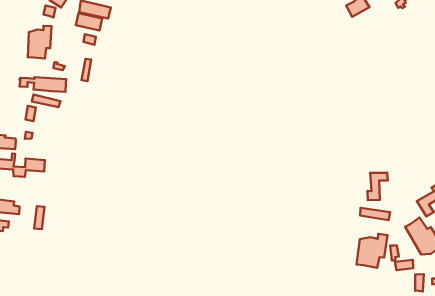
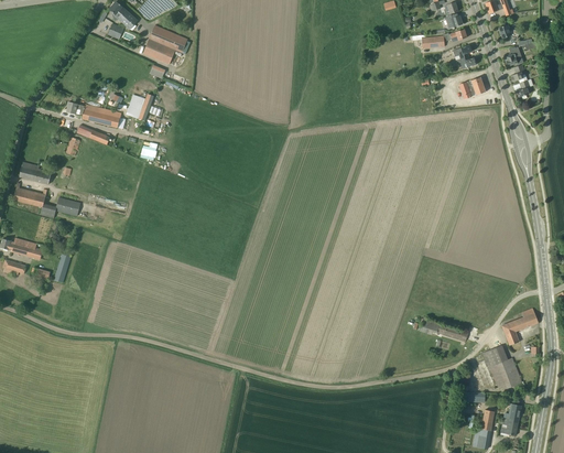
building: [28,26,52,59] -> none
building: [367,173,388,200] -> none
building: [357,234,388,268] -> none

